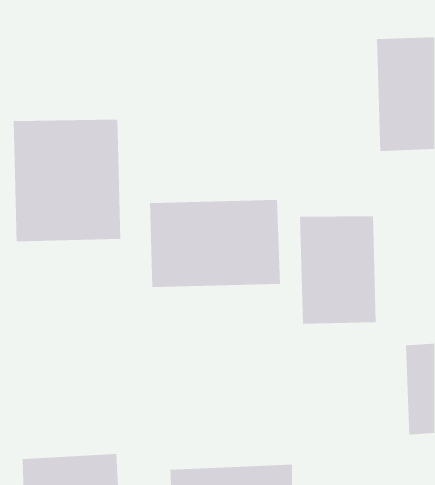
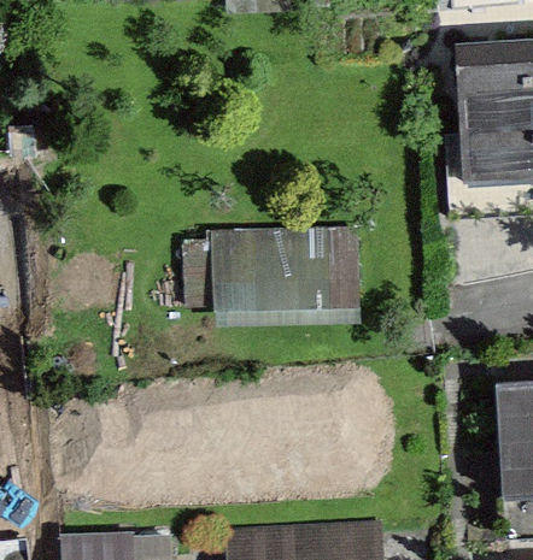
building: [13,119,121,242] -> none
building: [300,215,376,325] -> none

